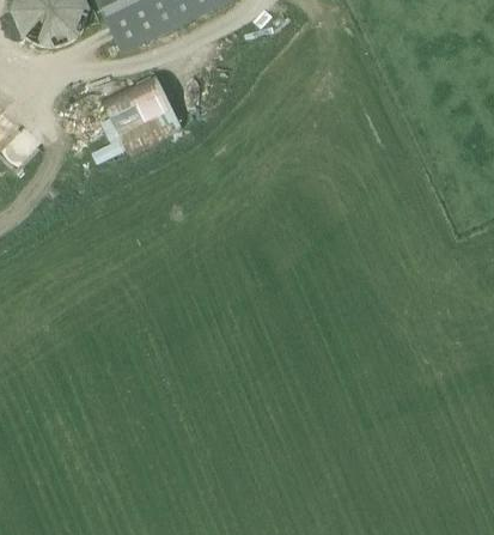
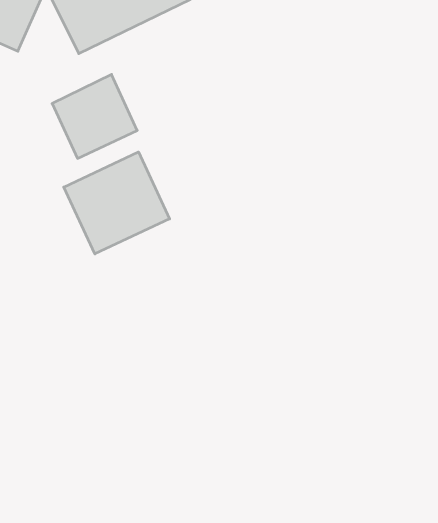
building: none -> [64,152,170,254]

